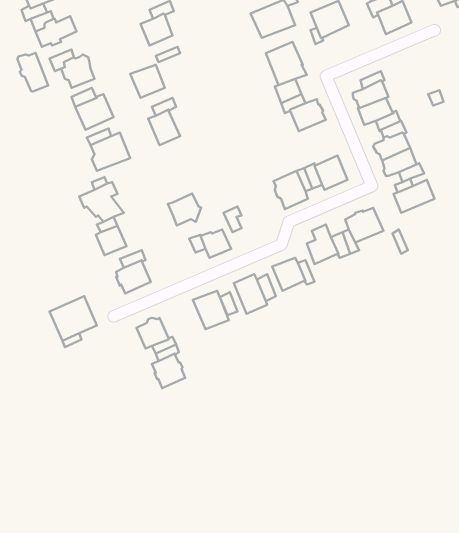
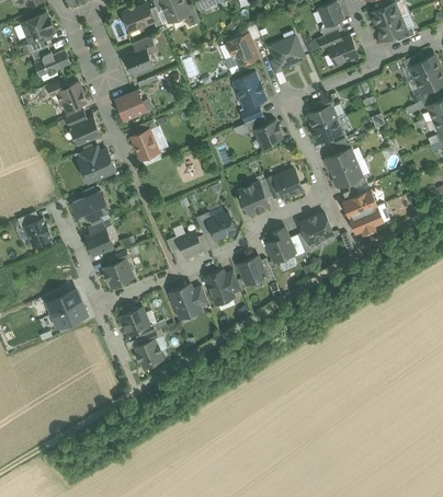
building: [17,53,48,91] -> none
building: [168,194,201,226] -> [206,212,235,240]
building: none -> [348,206,383,234]
building: none -> [23,218,52,247]

